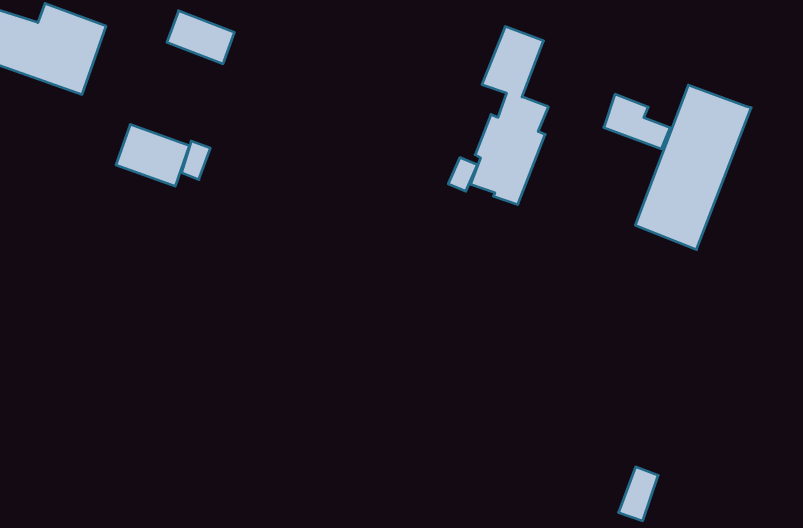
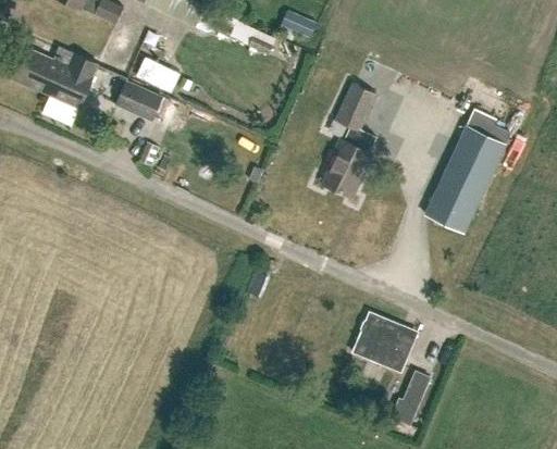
building: [604,94,670,149] -> [467,108,509,145]
building: [116,125,190,186] -> [115,80,163,122]
building: none -> [352,314,417,371]

